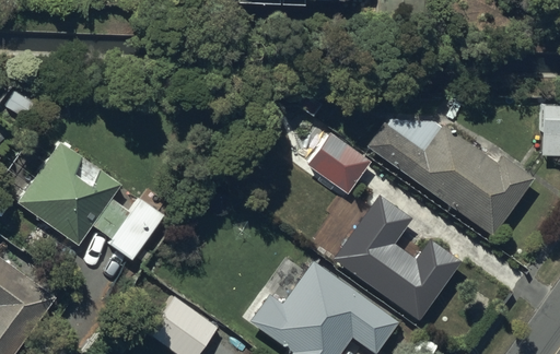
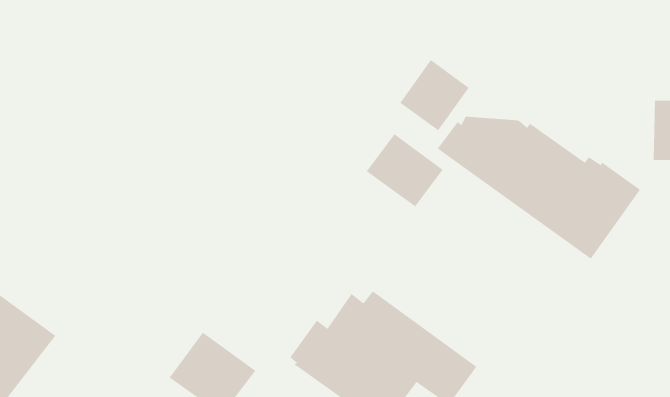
building: none -> [399,59,470,131]
building: [19,143,165,262] -> none
building: [336,197,464,322] -> none

